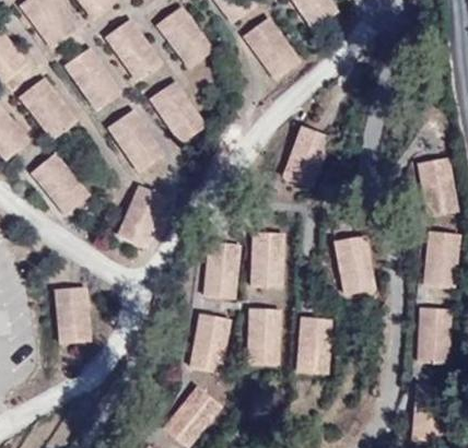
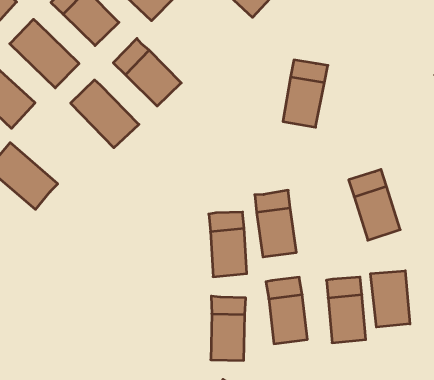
building: [117,181,166,244] -> none
building: [57,282,91,339] -> none
building: none -> [371,271,410,327]

